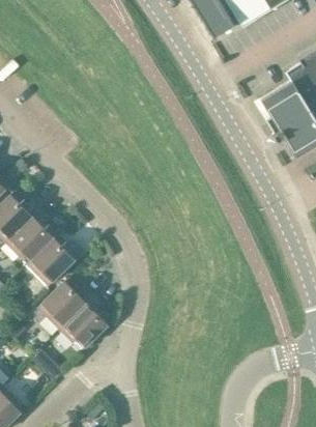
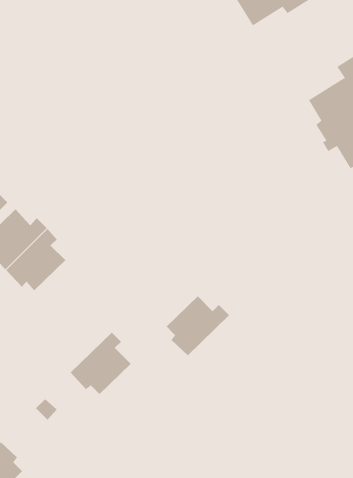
building: [30,234,84,285] -> none
building: [41,278,95,329] -> [166,296,230,356]

